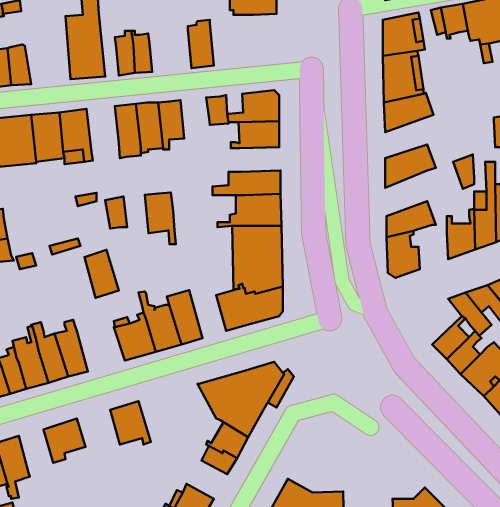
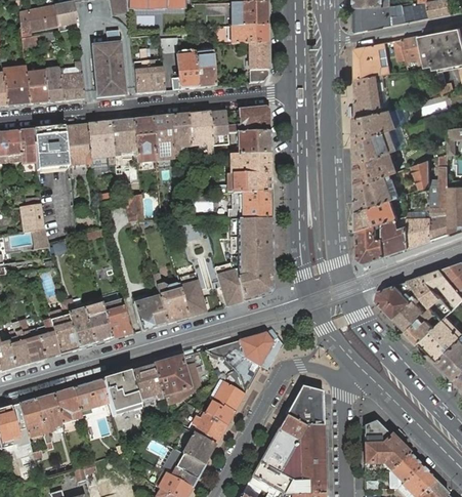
building: none -> [248,42,268,82]
building: none -> [176,50,197,89]
building: none -> [58,60,85,100]
building: none -> [110,119,136,157]
building: none -> [358,128,398,162]
building: none -> [226,153,270,173]
building: none -> [358,172,401,210]
building: [145,192,176,244] -> [187,112,213,155]
building: none -> [383,217,410,254]
building: [84,250,119,298] -> [101,299,130,339]
building: none -> [377,279,421,317]
building: none -> [153,350,204,402]
building: none -> [101,371,140,416]
building: none -> [277,385,323,440]
building: none -> [53,387,82,423]
building: none -> [191,409,226,445]
building: none -> [364,420,390,445]

